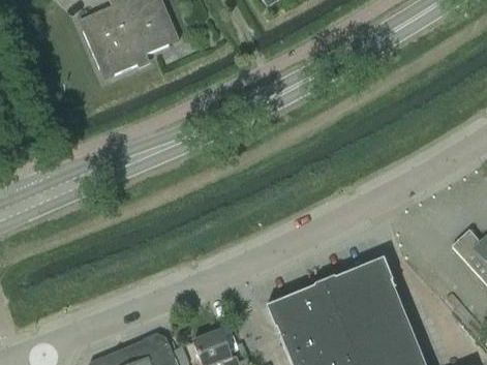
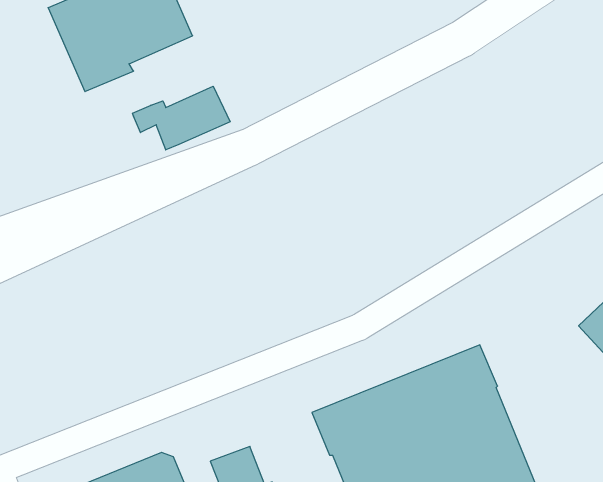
building: none -> [133,86,230,150]

